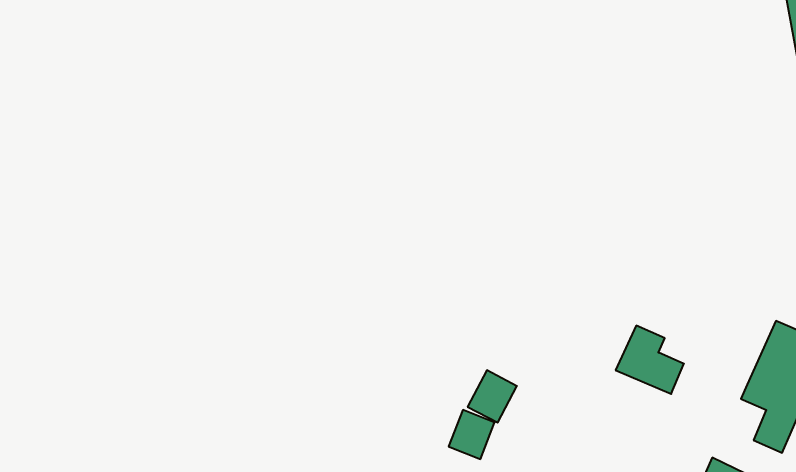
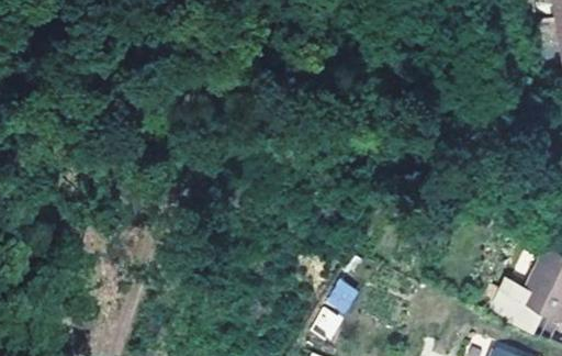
building: [616,326,684,394] -> [493,280,540,327]

